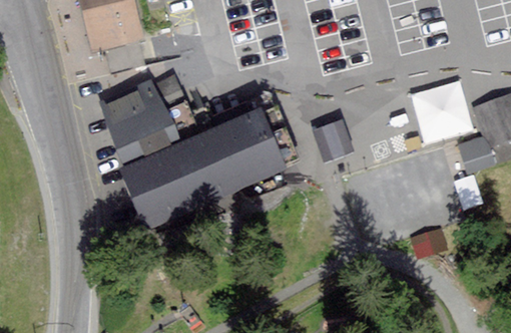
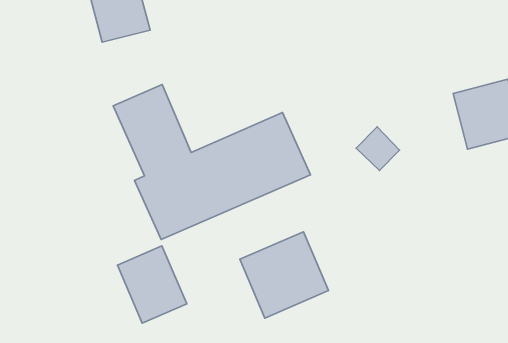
building: none -> [240,232,329,318]
building: none -> [117,246,187,323]

